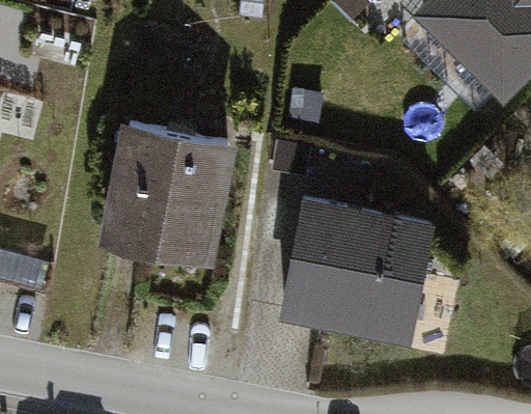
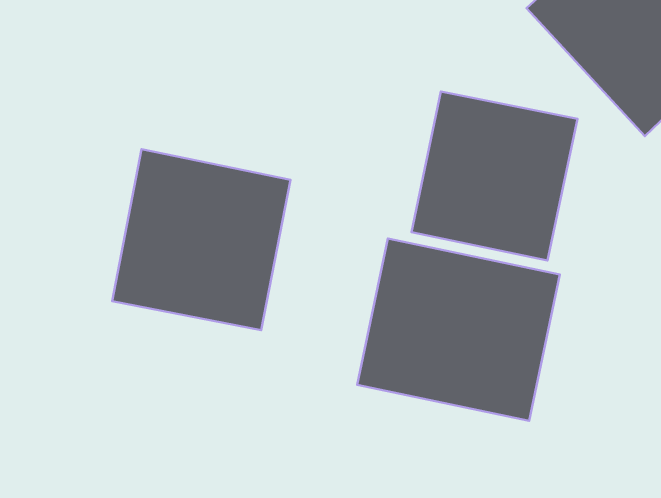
building: none -> [411,92,577,260]

